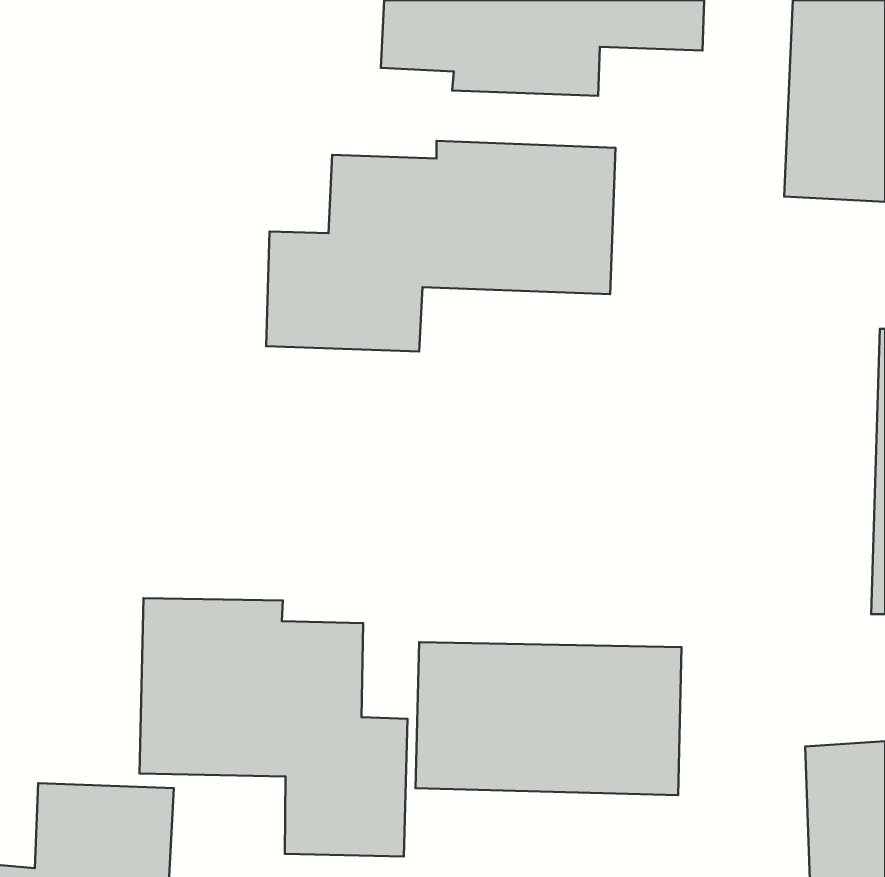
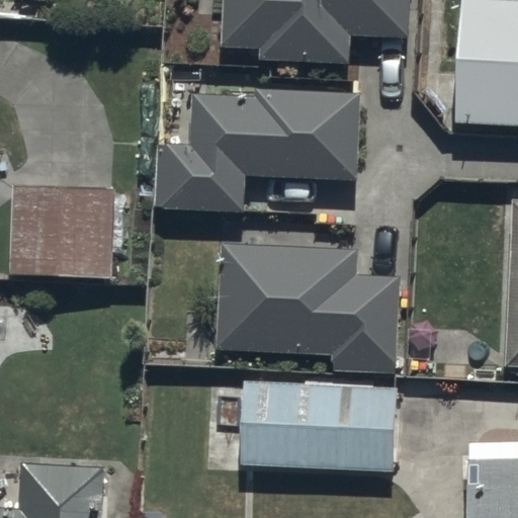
building: none -> [13,186,115,274]
building: none -> [214,242,401,371]
building: [139,598,408,857] -> none

